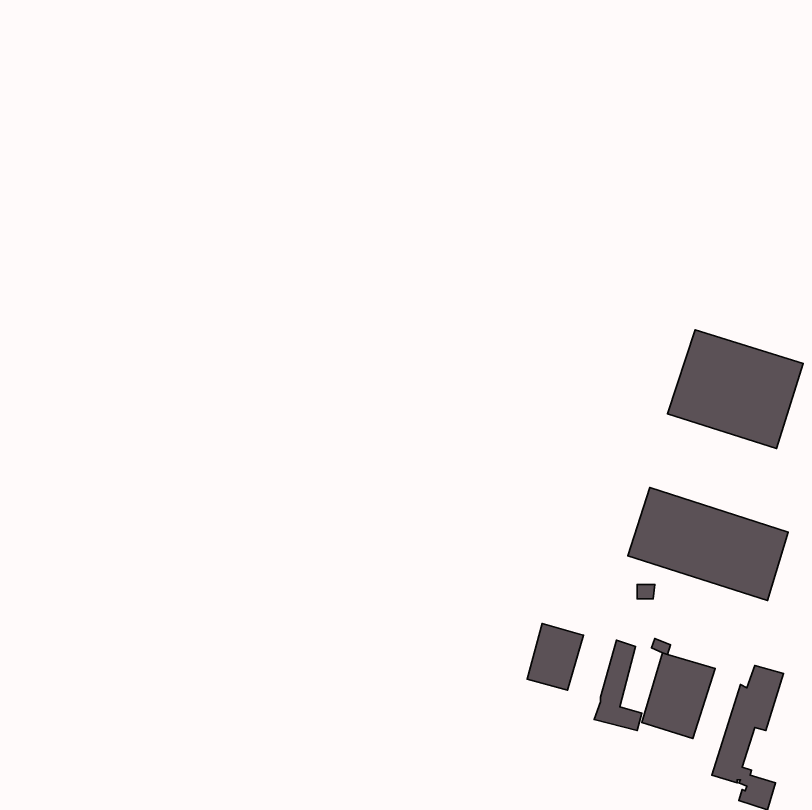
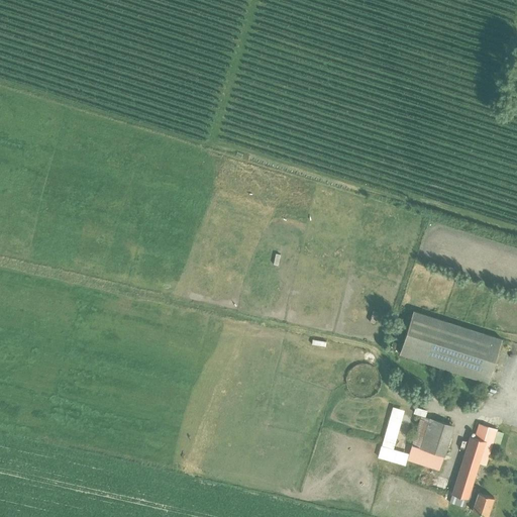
building: [668,330,803,448] -> none
building: [527,624,583,690] -> none

